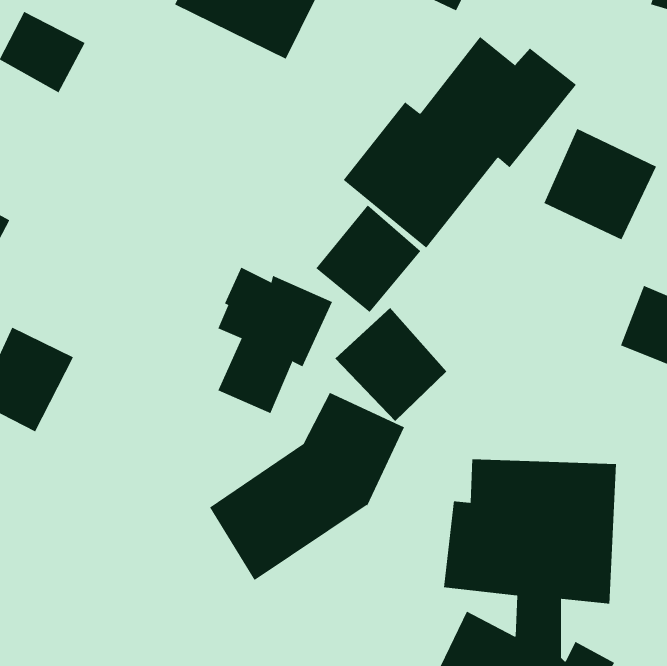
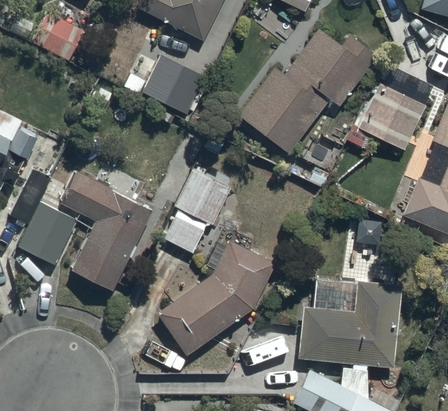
building: none -> [143,56,206,114]
building: [316,205,421,313] -> none
building: none -> [57,169,150,287]
building: [334,307,447,422] -> none

